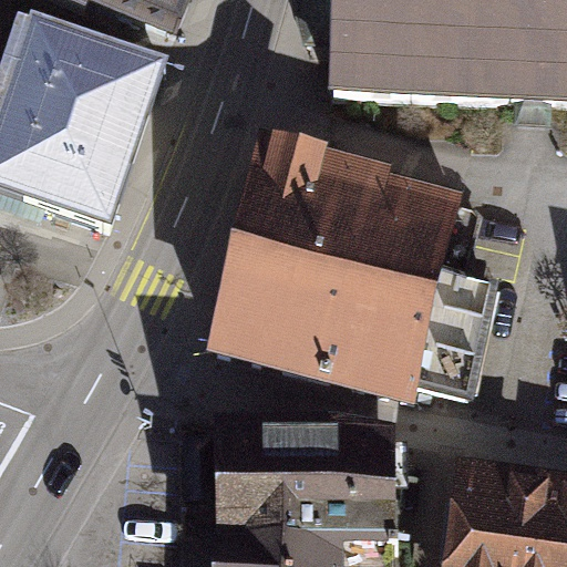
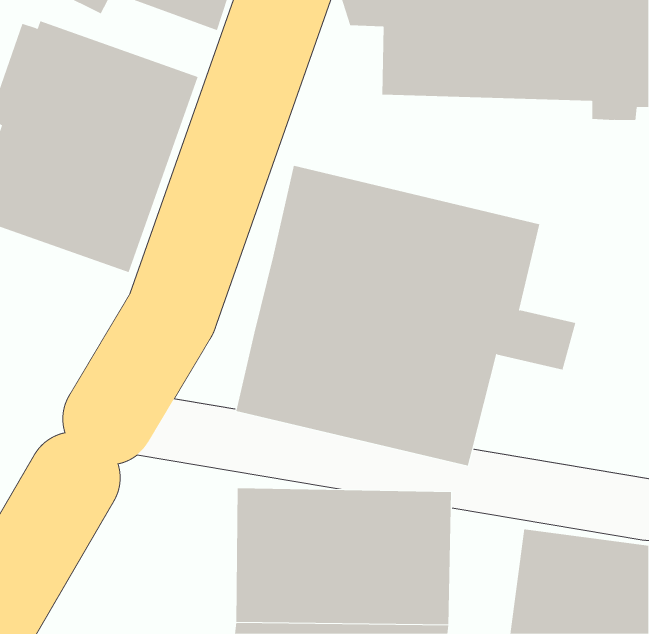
building: [409,307,487,404] -> none

